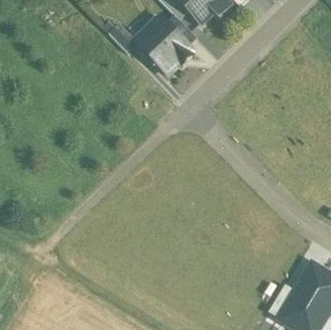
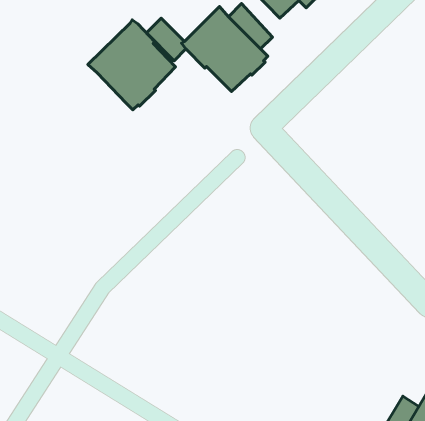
building: none -> [88,20,176,110]

